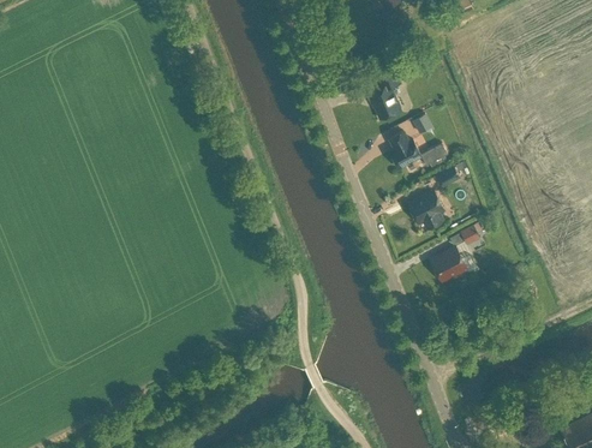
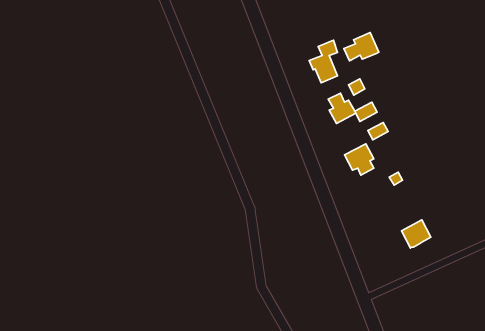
building: none -> [344,33,379,61]
building: [432,249,467,282] -> [401,220,431,248]

